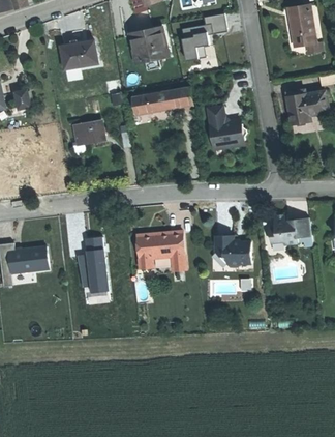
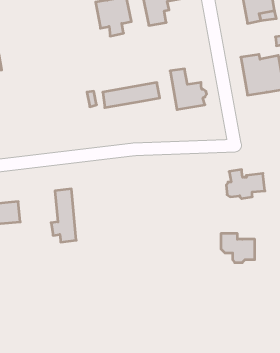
building: [60,38,97,67] -> none
building: [132,86,193,113] -> [103,83,160,108]
building: [72,120,103,141] -> none
building: [135,230,185,269] -> none
building: [214,234,250,265] -> [221,234,255,263]

